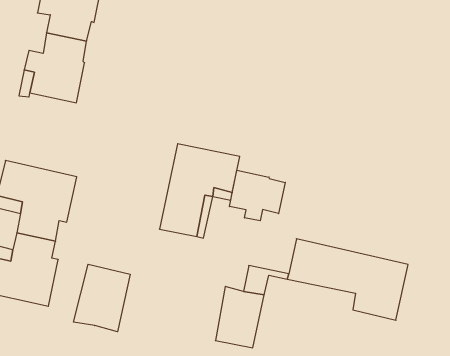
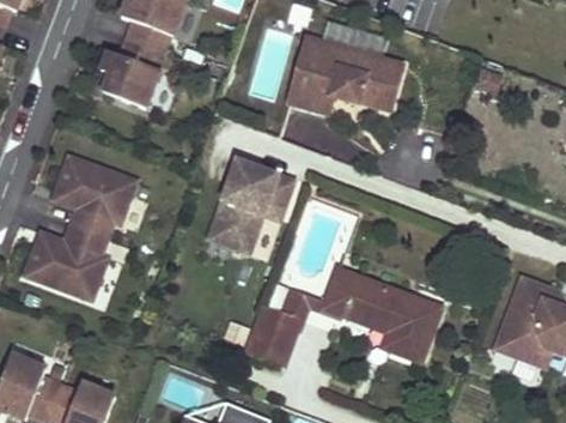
building: none -> [290,37,402,113]
building: [229,170,285,221] -> none
building: [74,264,130,332] -> none

